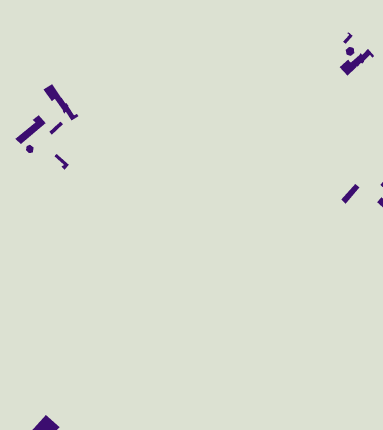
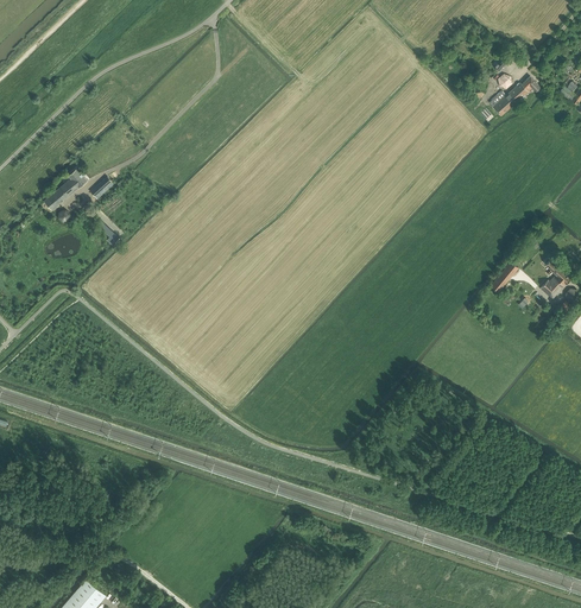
building: [42,83,79,122] -> none

